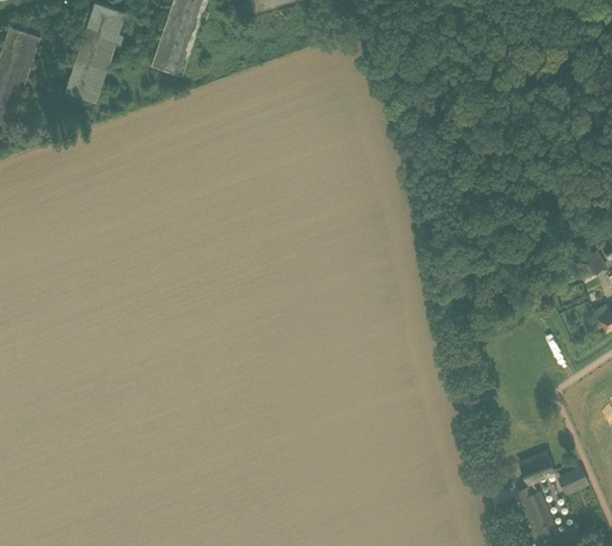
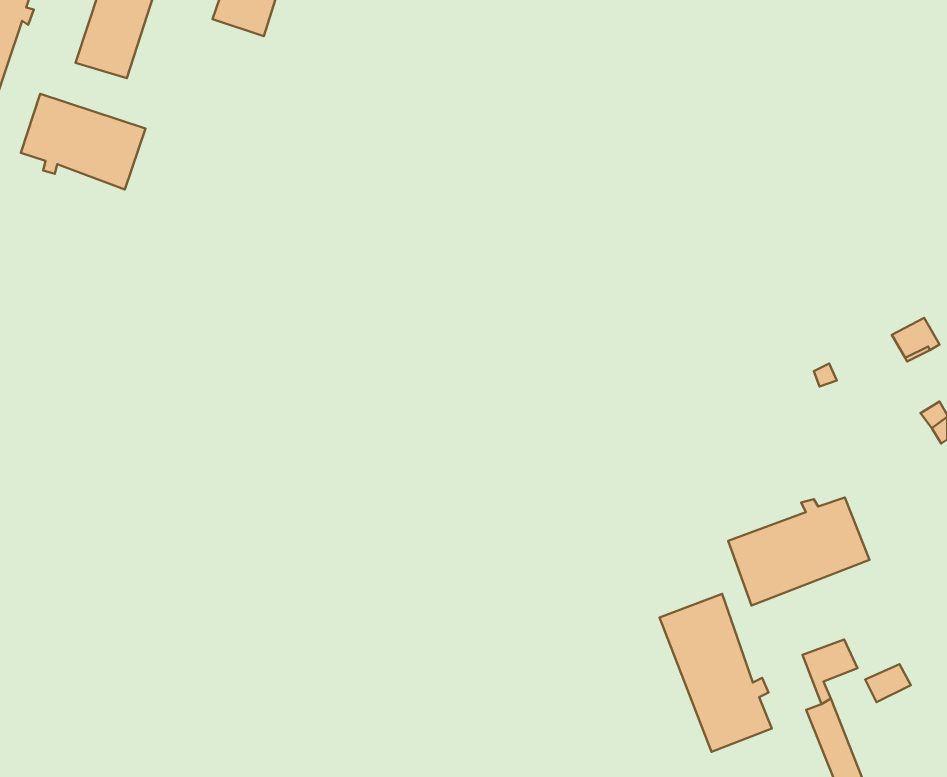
building: none -> [21,94,145,190]
building: none -> [728,498,870,605]
building: none -> [660,594,772,752]

